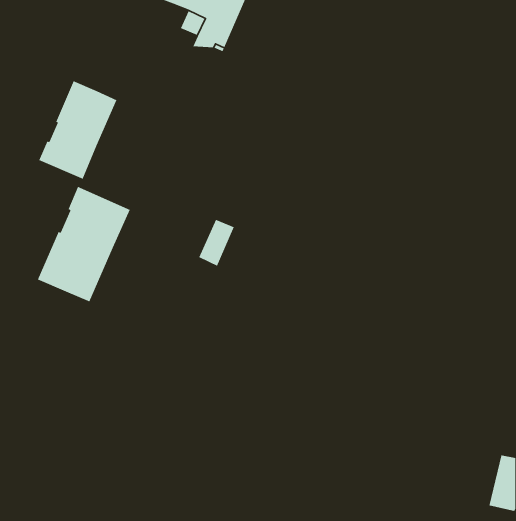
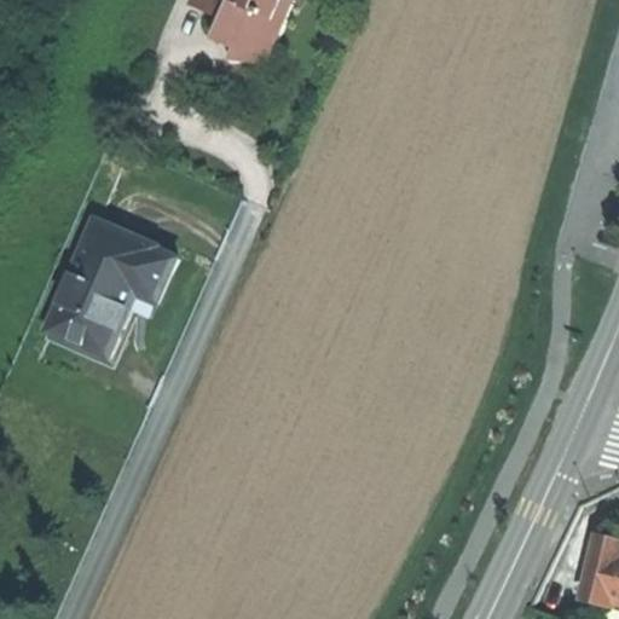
building: [38,80,118,180] -> none
building: [198,219,235,267] -> [134,248,178,305]

